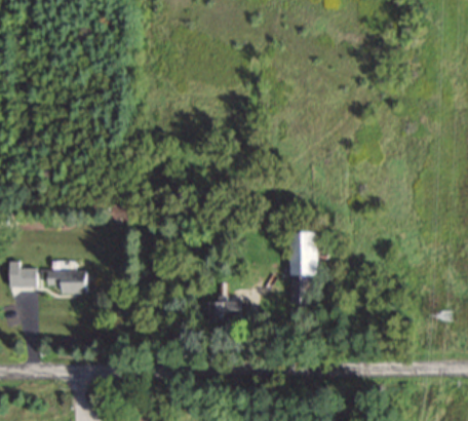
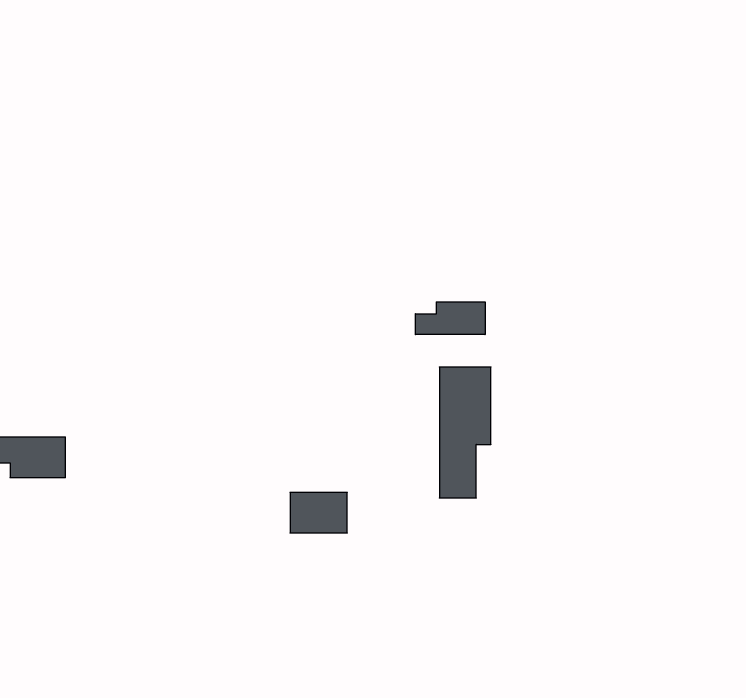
building: none -> [415,302,485,335]

